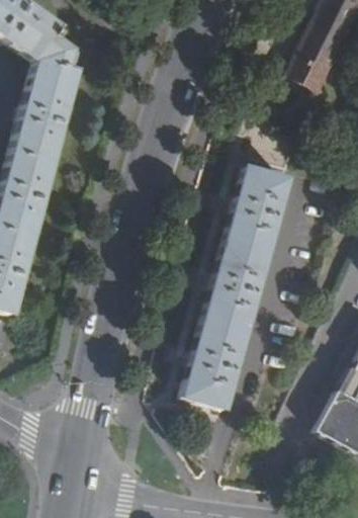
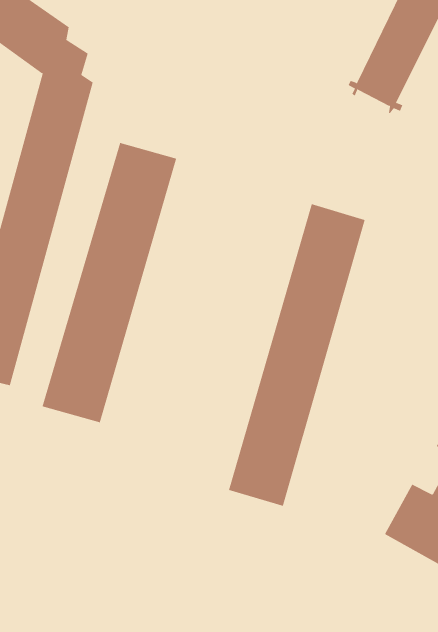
building: none -> [42,142,177,423]

